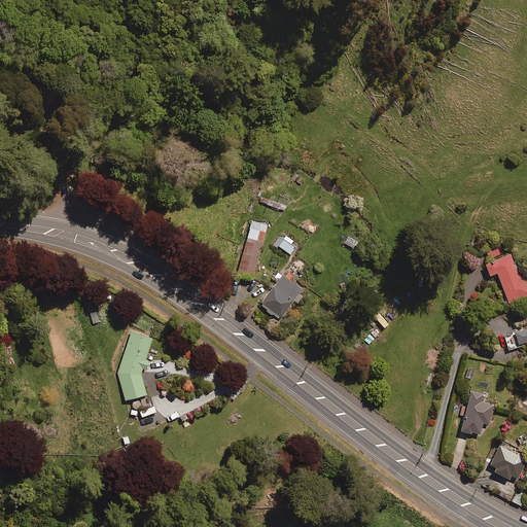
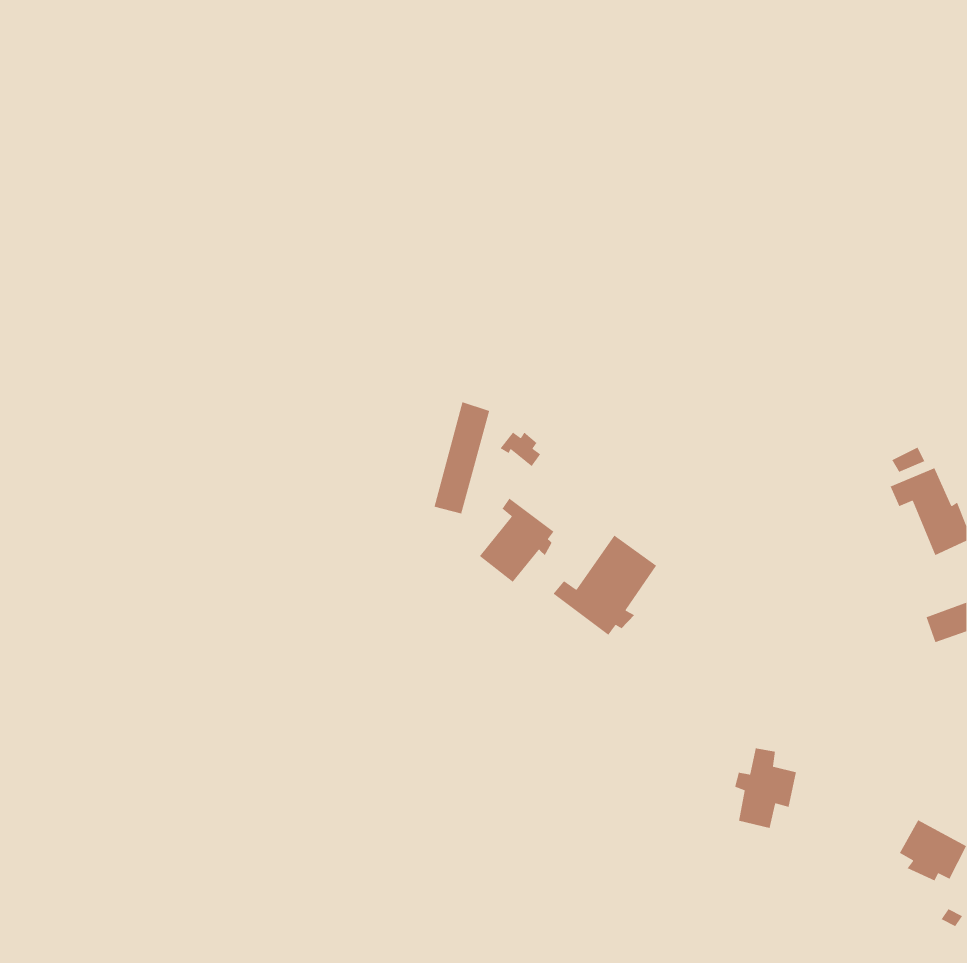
building: none -> [553,534,657,636]
building: [119,330,153,399] -> none
building: [459,391,493,435] -> [734,747,797,829]

